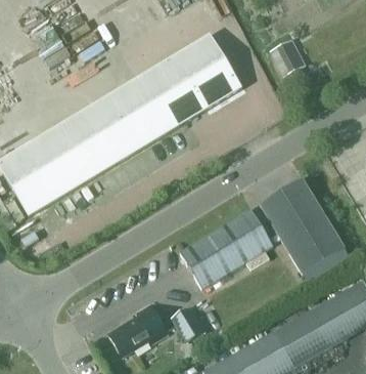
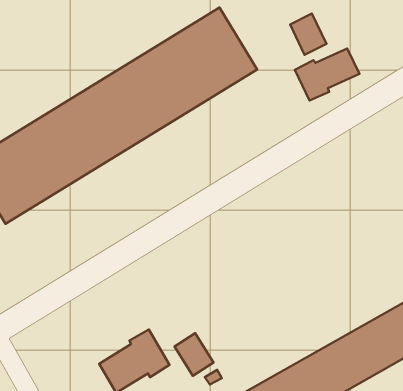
building: none -> [295,48,359,101]
building: [261,177,345,273] -> none
building: [180,208,274,288] -> none

